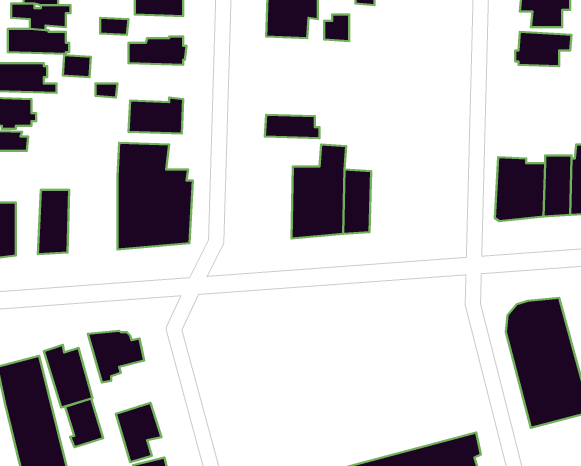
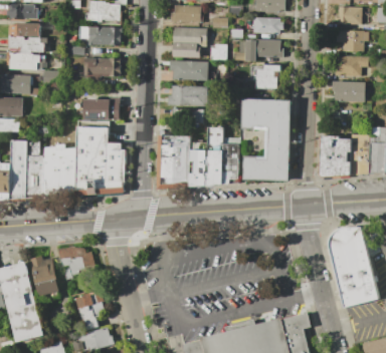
building: none -> [234,40,283,61]
building: none -> [170,61,208,80]
building: none -> [251,65,281,90]
building: none -> [331,81,364,101]
building: none -> [168,86,207,107]
building: none -> [242,99,290,181]
building: none -> [157,135,190,189]
building: none -> [12,138,42,199]
building: none -> [45,144,77,197]
building: [65,398,103,447] -> none

